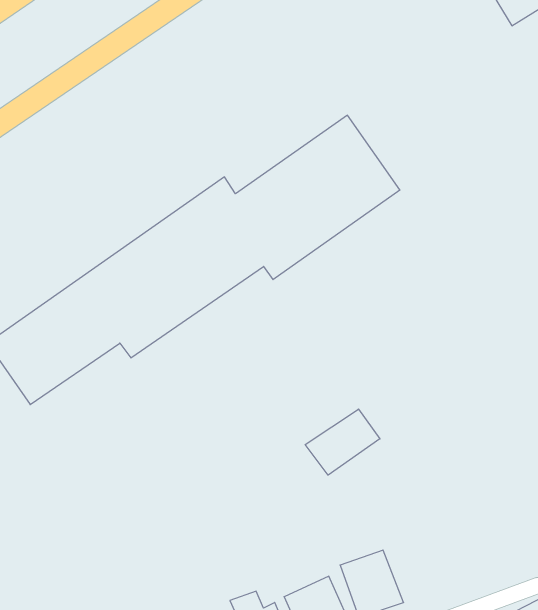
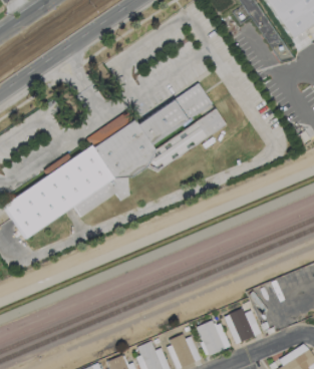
building: [305,409,380,475] -> none
building: none -> [223,308,260,344]

